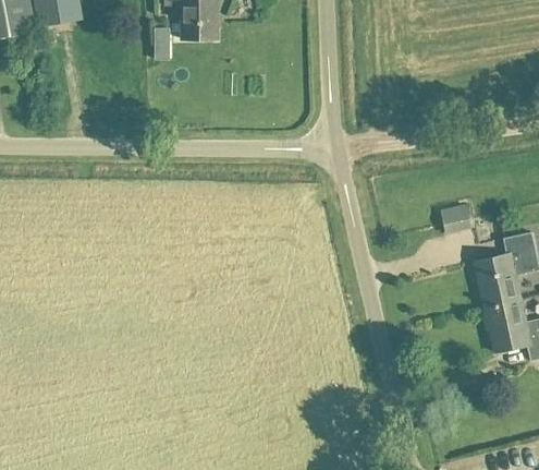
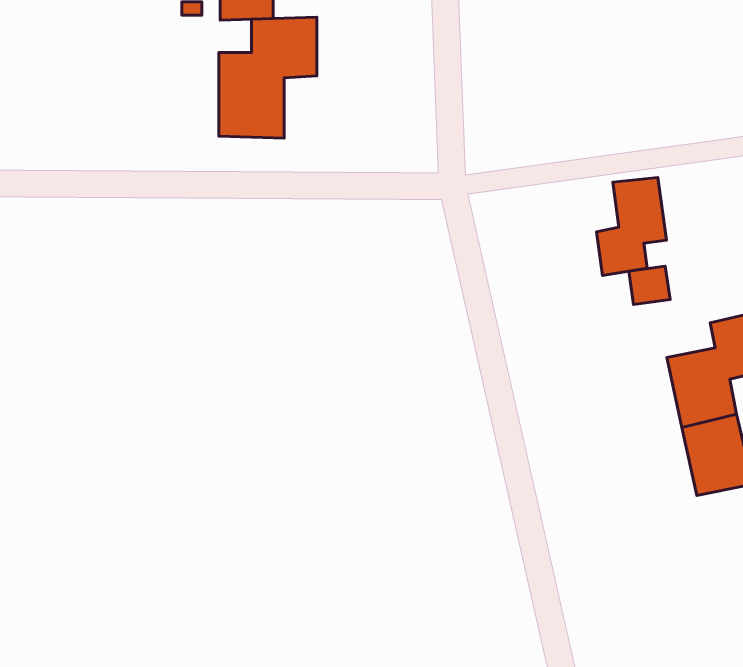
building: none -> [219,17,317,138]
building: none -> [597,177,666,276]

